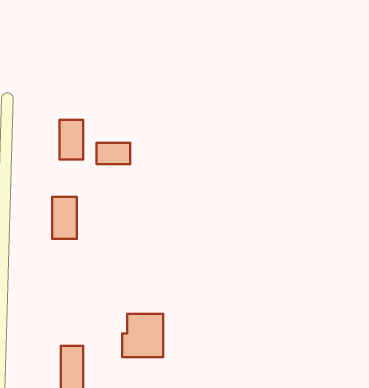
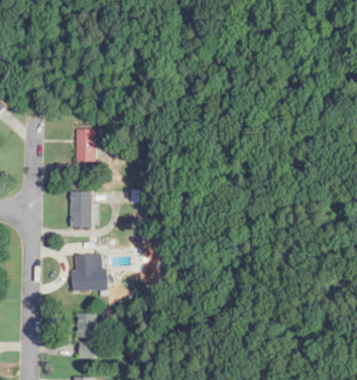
building: [97,143,130,164] -> none
building: [122,314,163,357] -> [72,254,105,289]

